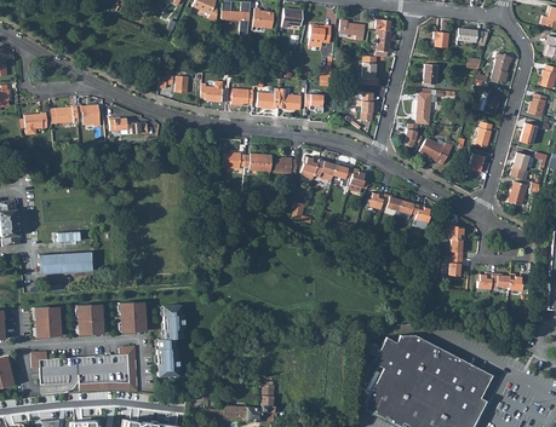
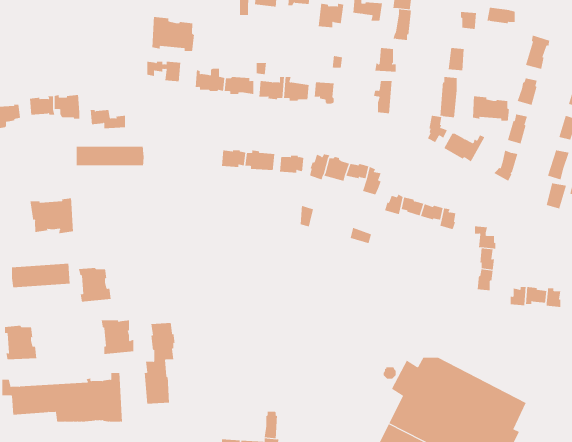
building: none -> [152,16,194,52]
building: none -> [473,95,509,121]
building: none -> [76,146,144,166]
building: none -> [30,198,73,234]
building: [76,304,105,334] -> [78,267,111,302]

